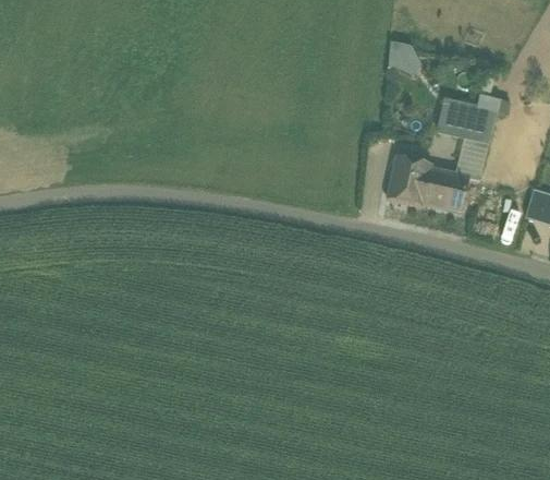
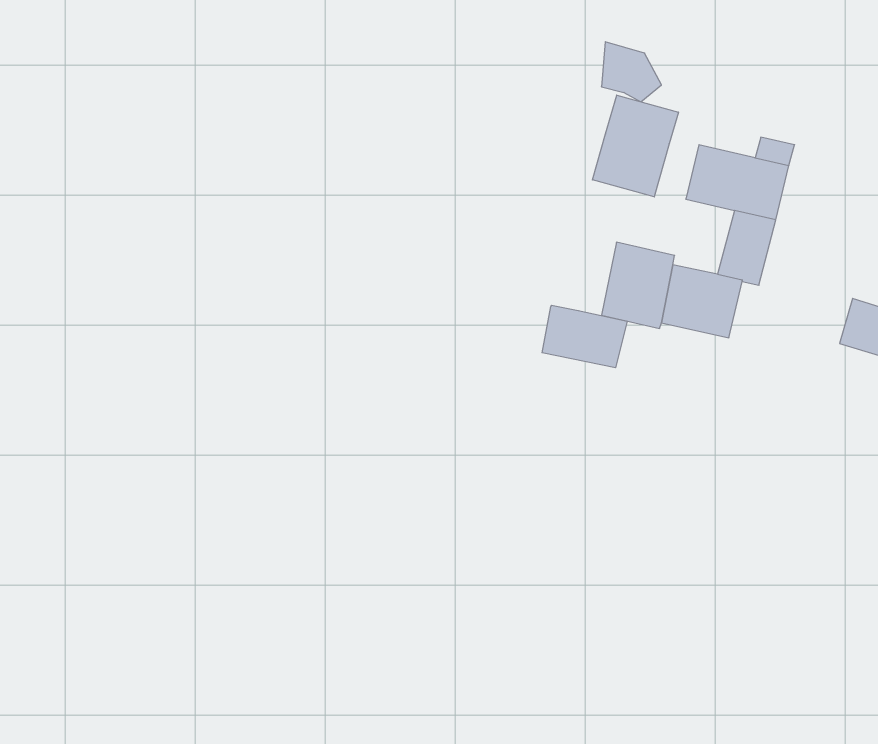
building: none -> [592,95,678,197]
building: none -> [542,305,627,368]

